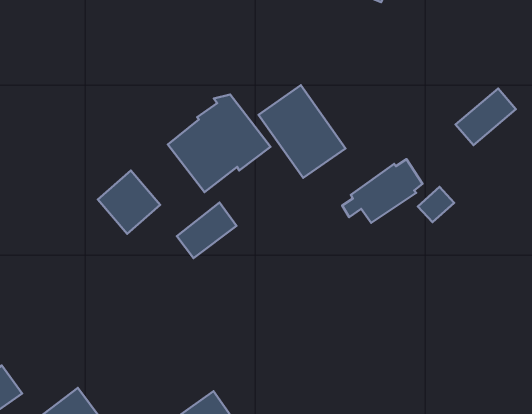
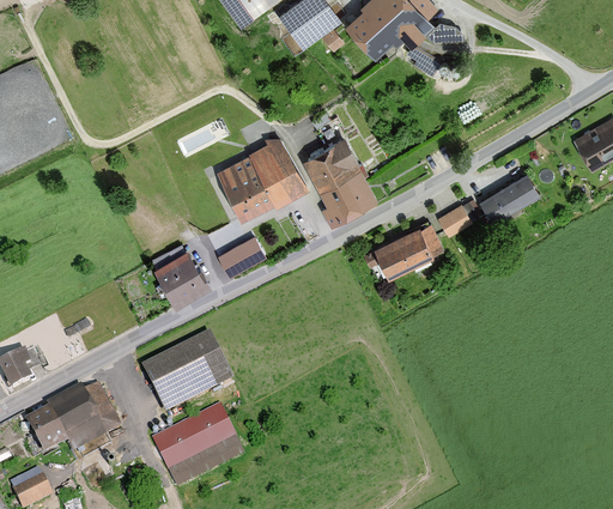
building: [98,170,160,234] -> [154,249,211,307]
building: [418,187,454,222] -> [438,204,472,235]
building: none -> [142,333,233,412]

